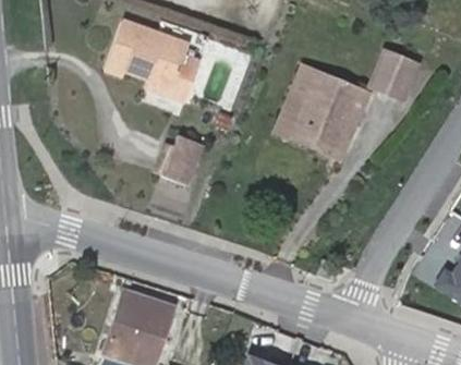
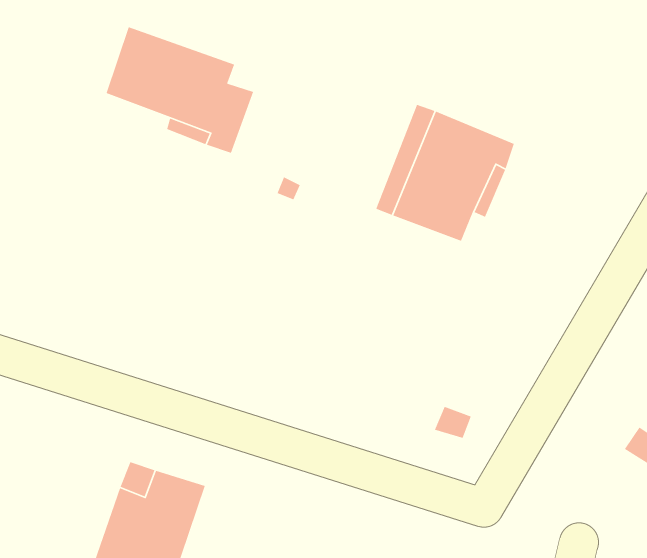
building: [368,51,415,100] -> none
building: [161,132,204,184] -> none

